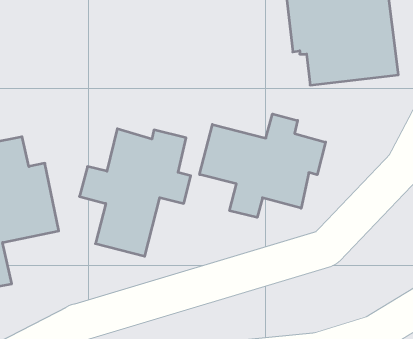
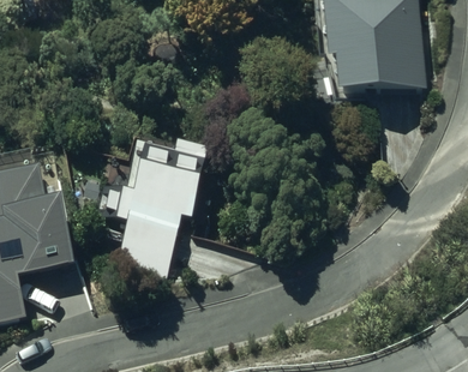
building: [200,114,326,217] -> none

